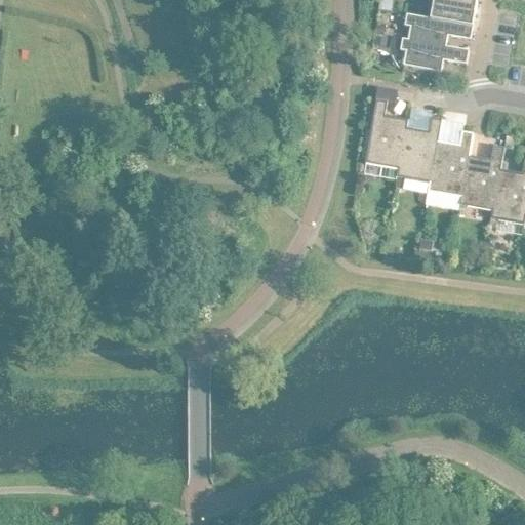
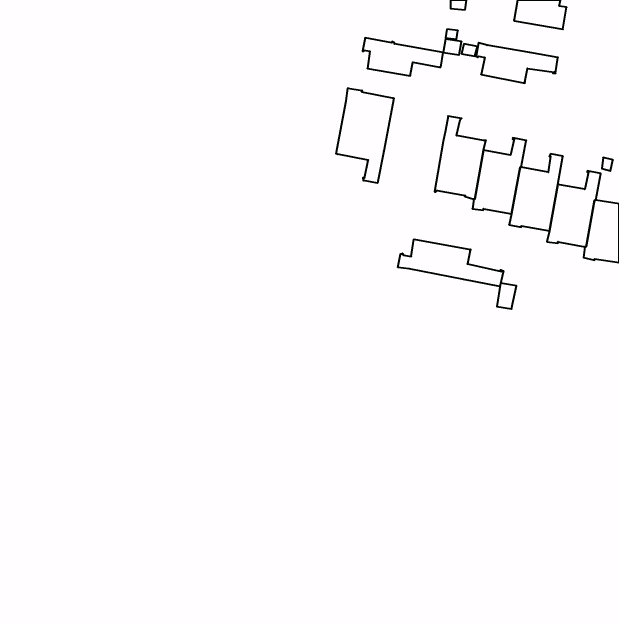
building: [405,12,473,44] -> [363,38,443,76]
building: none -> [336,88,394,183]
building: none -> [398,239,503,287]

